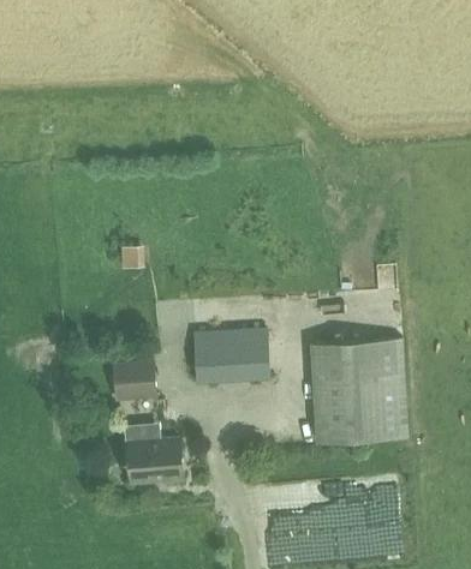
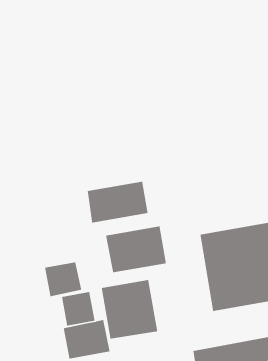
building: none -> [87,181,148,223]
building: none -> [101,279,158,340]

